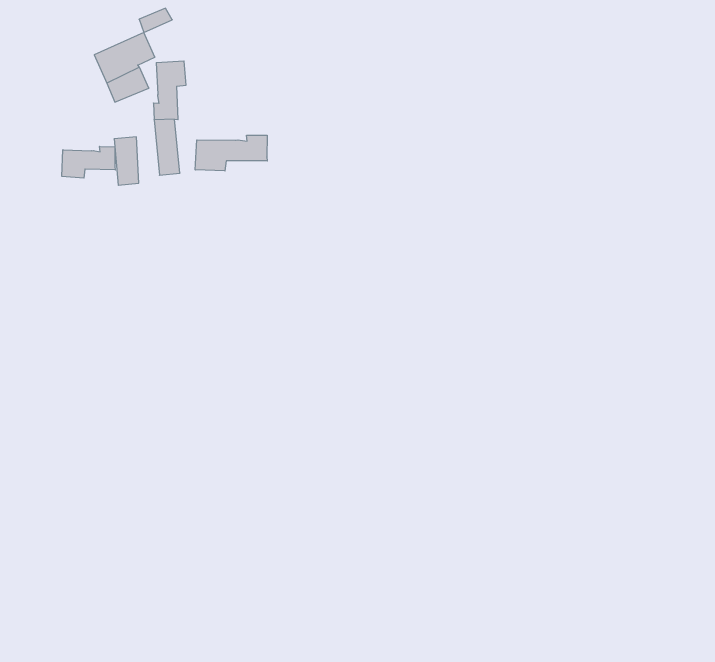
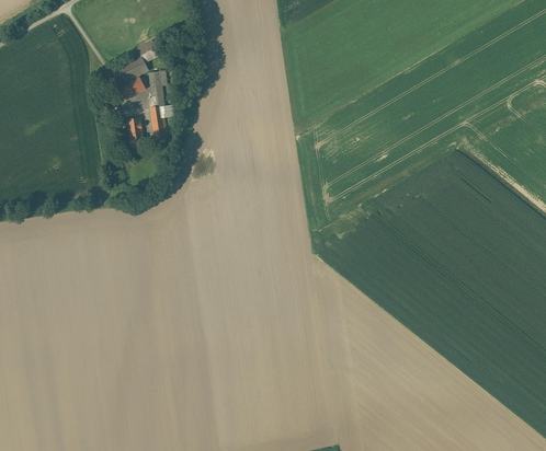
building: [195,135,267,171] -> none
building: [62,146,115,178] -> none

